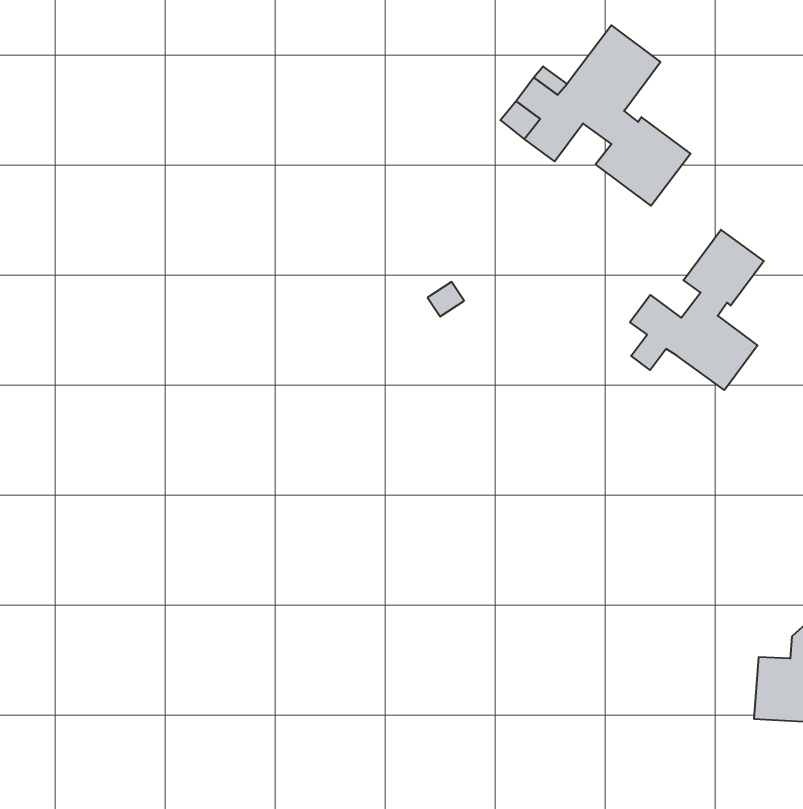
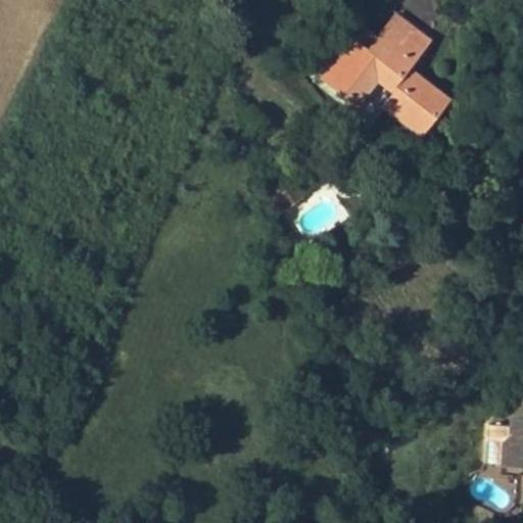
building: [630,230,764,390] -> none

